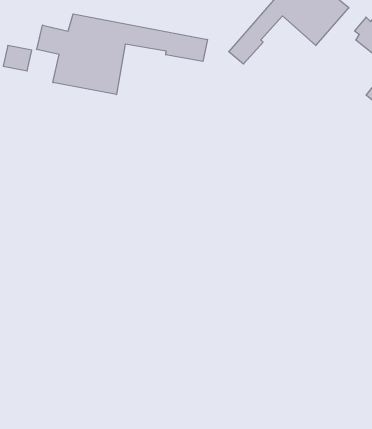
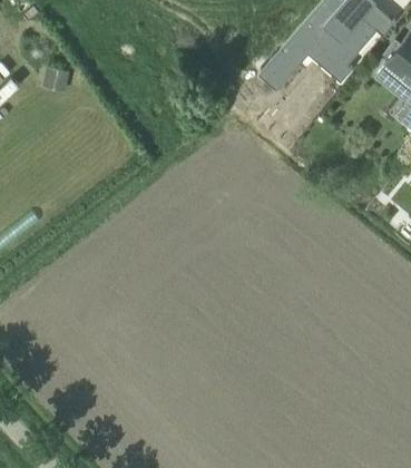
building: [37,14,207,95] -> none

